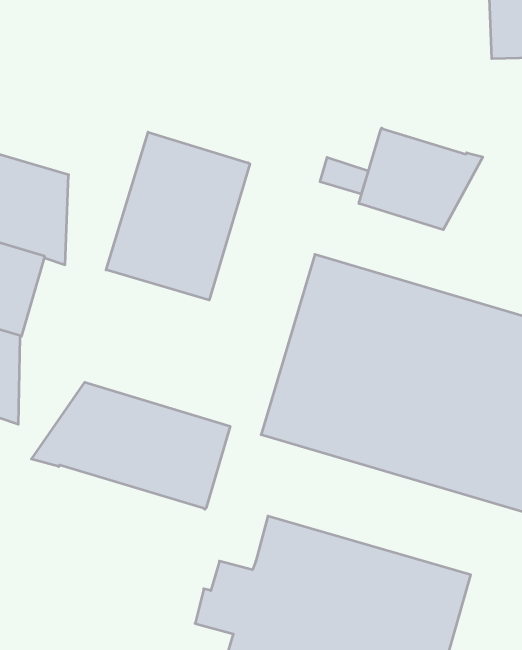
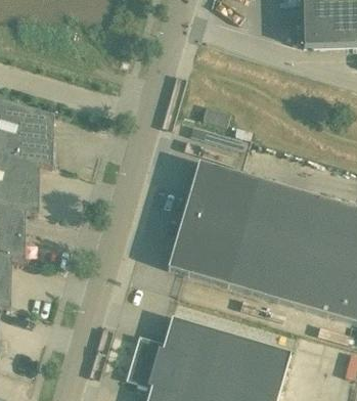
building: [359,128,483,230] -> none
building: [106,132,250,300] -> none
building: [31,382,230,509] -> none

